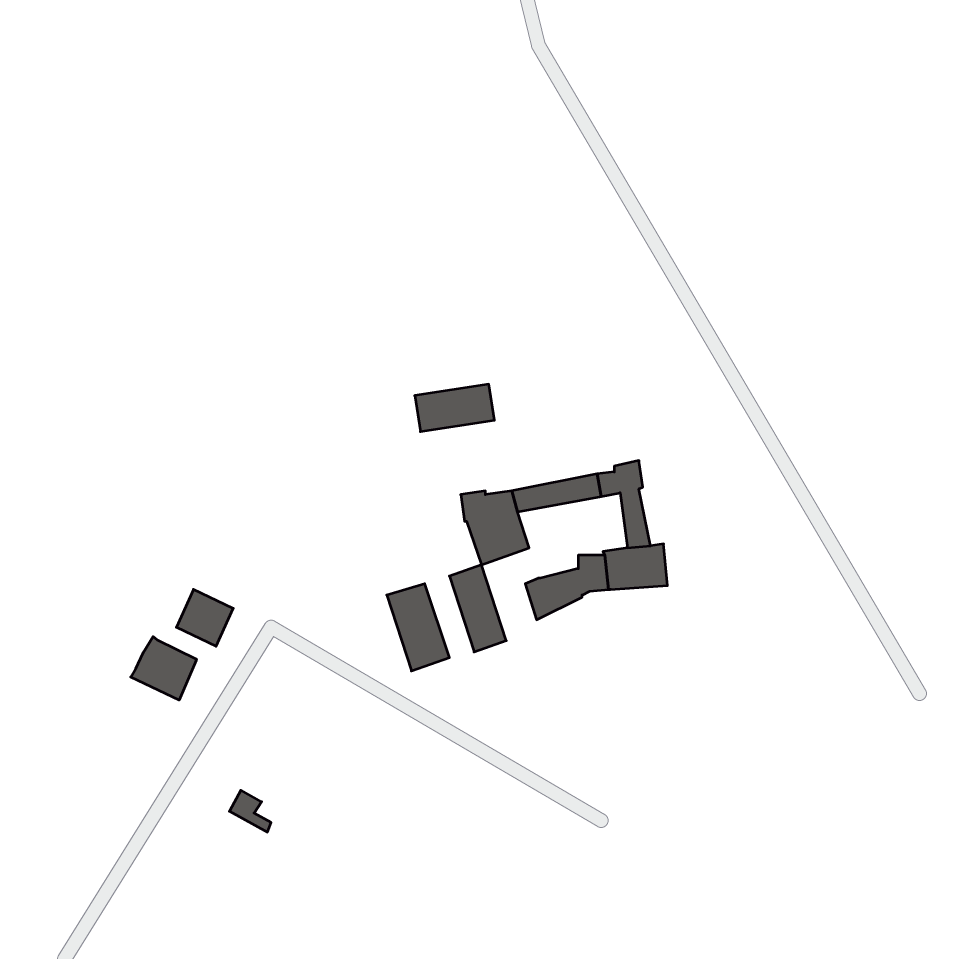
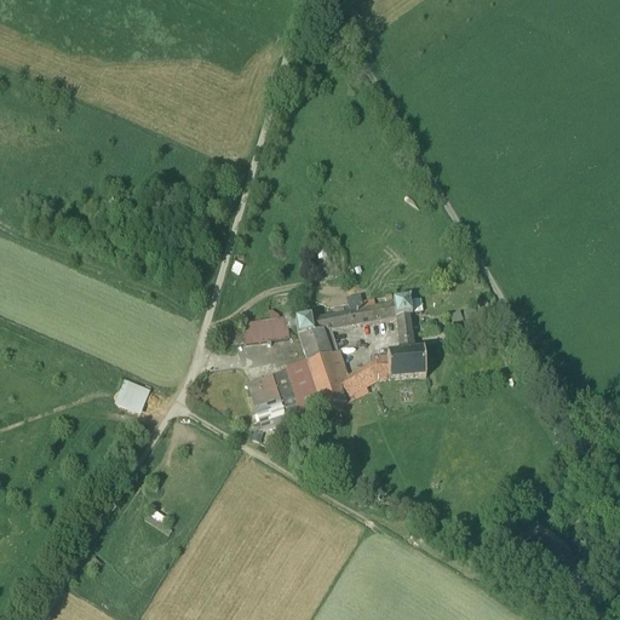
building: [415,384,494,432] -> [239,312,289,343]
building: none -> [308,350,345,409]
building: [131,637,196,700] -> none

